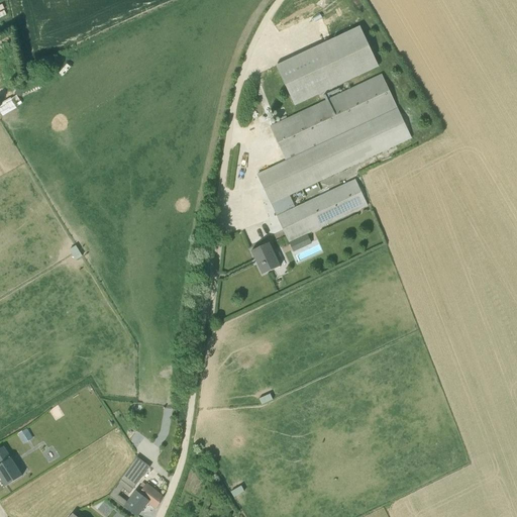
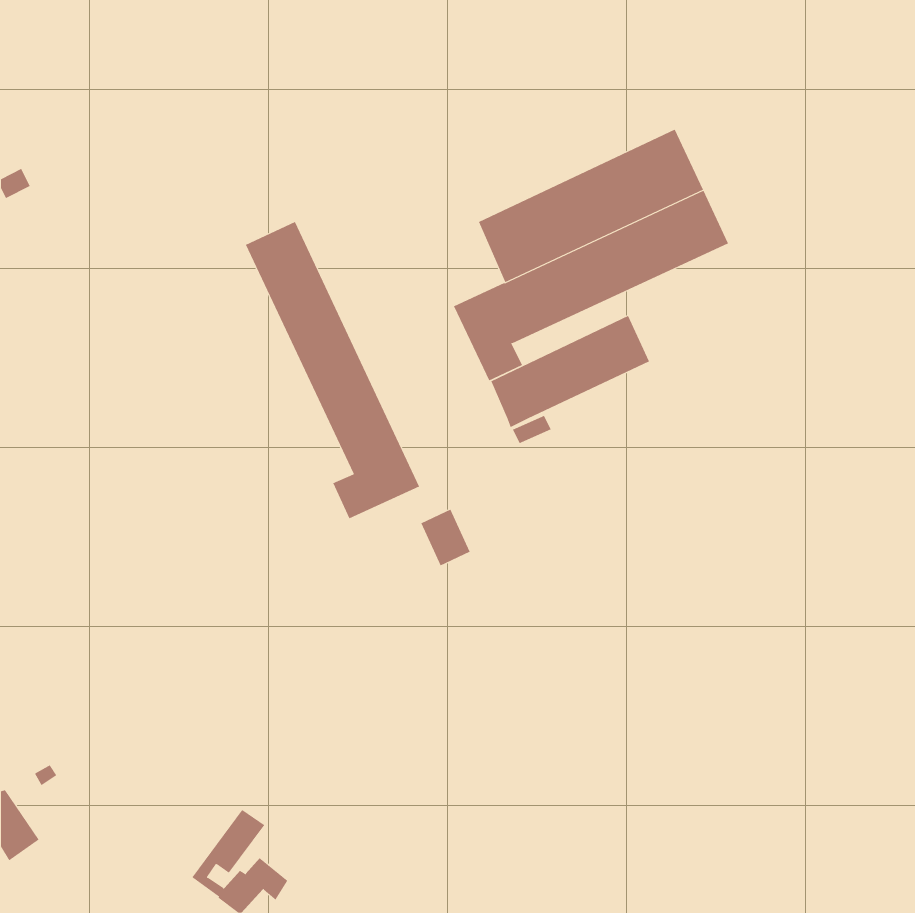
building: [276,25,378,104] -> none
building: none -> [245,221,420,519]
building: [250,241,279,274] -> [421,509,471,566]

